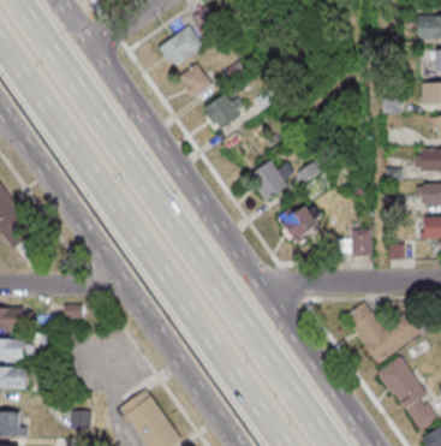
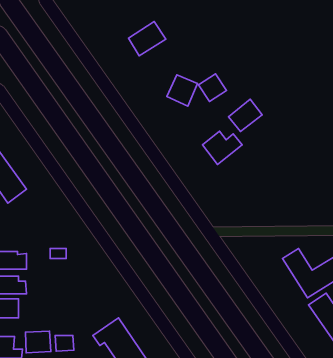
building: [179,66,213,100] -> [199,74,226,101]
building: none -> [228,99,262,131]
building: [281,204,321,243] -> none
building: [351,232,373,257] -> none
building: none -> [26,331,51,353]

